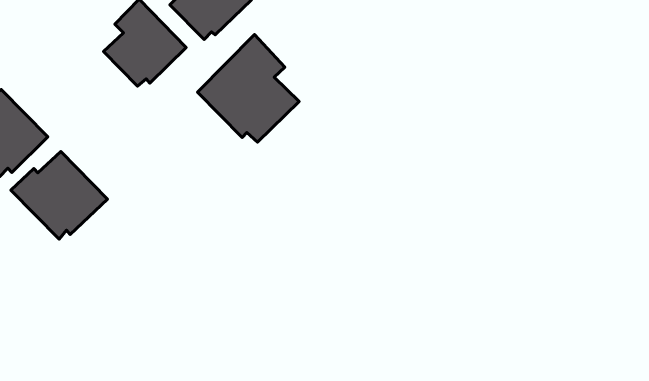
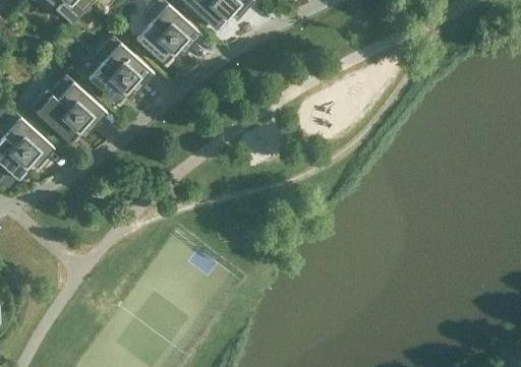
building: [198,35,299,142] -> none
building: [11,152,108,239] -> [31,75,104,141]

